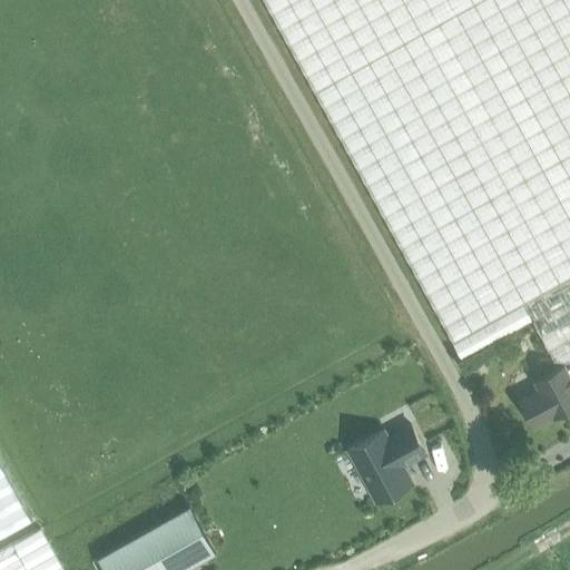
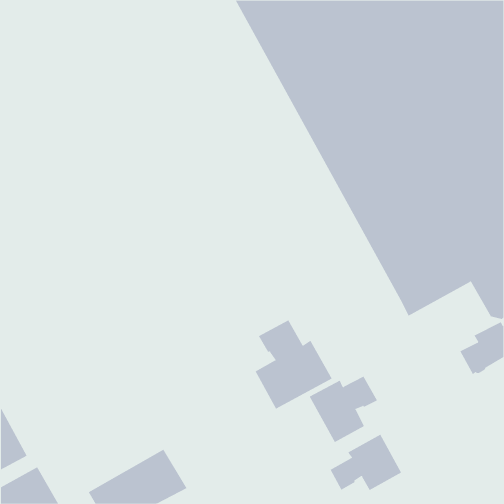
building: none -> [255,320,333,410]
building: none -> [330,434,402,491]

